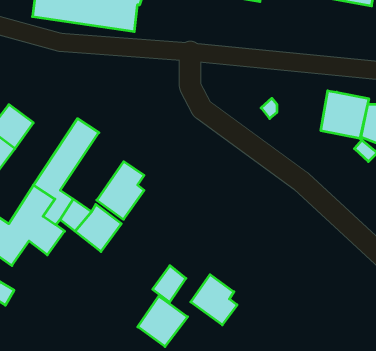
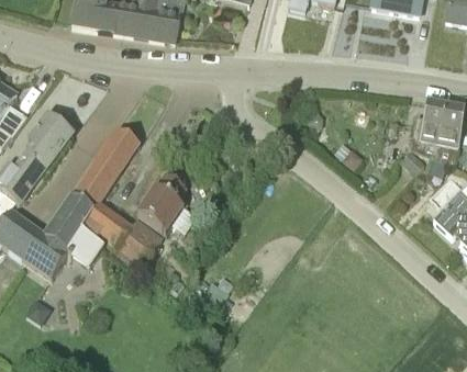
building: [321,91,369,139] -> none
building: [191,275,237,325] -> none
building: [138,296,188,347] -> none

